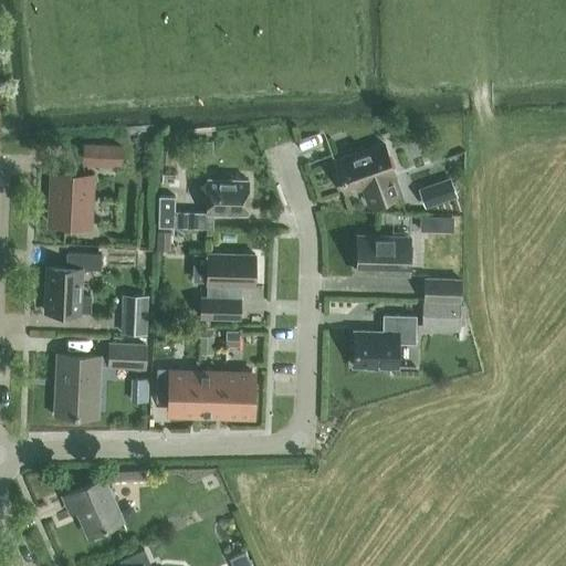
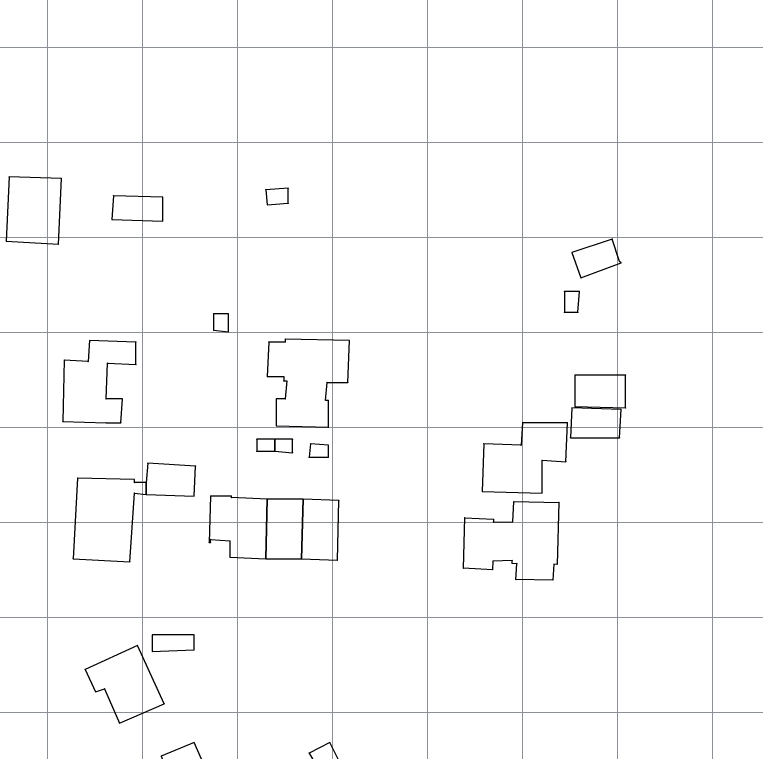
building: [337,145,402,206] -> none
building: [50,178,91,228] -> [6,177,61,244]
building: [161,180,251,230] -> none
building: [359,238,413,276] -> none
building: [120,298,147,338] -> none
building: none -> [463,502,559,580]

